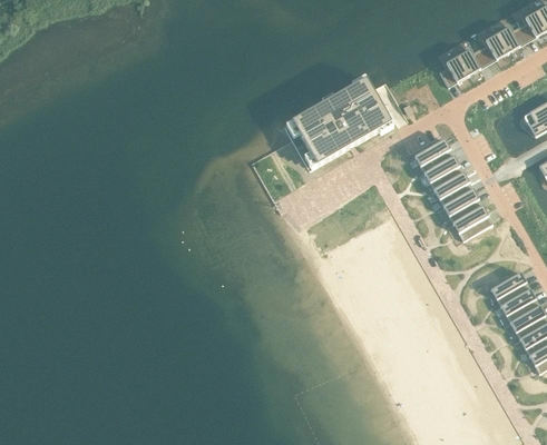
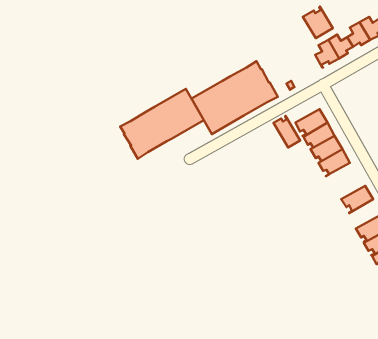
building: none -> [303,7,333,38]
building: none -> [120,89,204,159]
building: none -> [274,116,300,147]
building: [451,205,491,239] -> [341,186,373,213]

